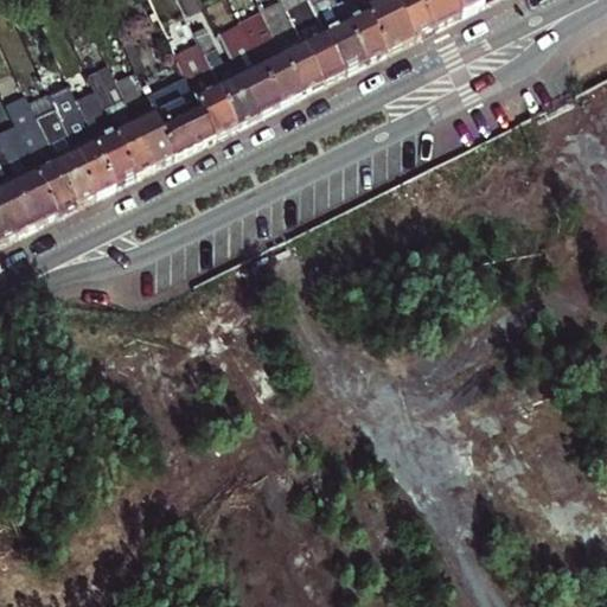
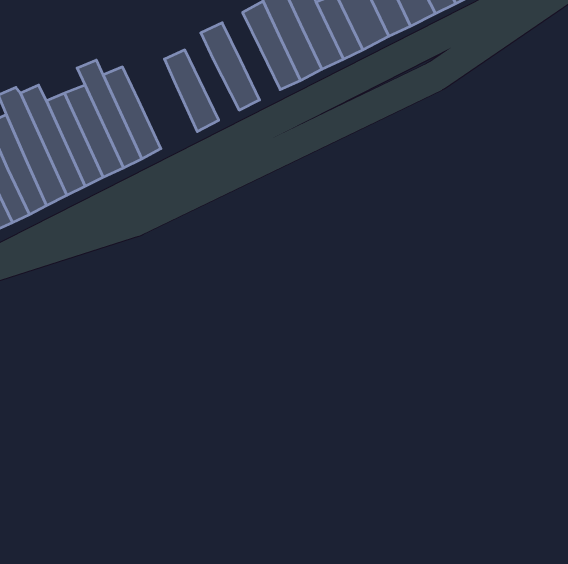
building: [232,13,293,104] -> none
building: [191,41,250,126] -> none
building: [145,85,206,155] -> none

